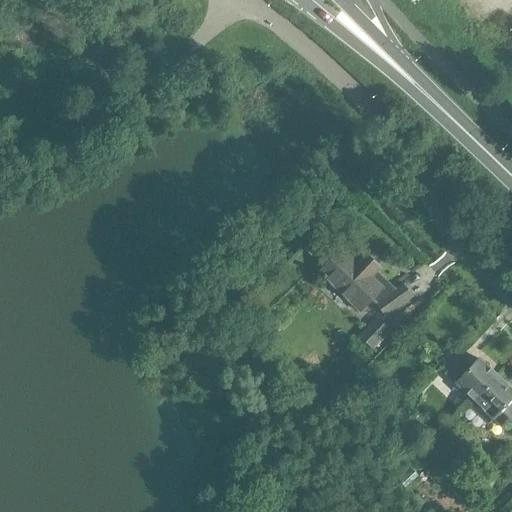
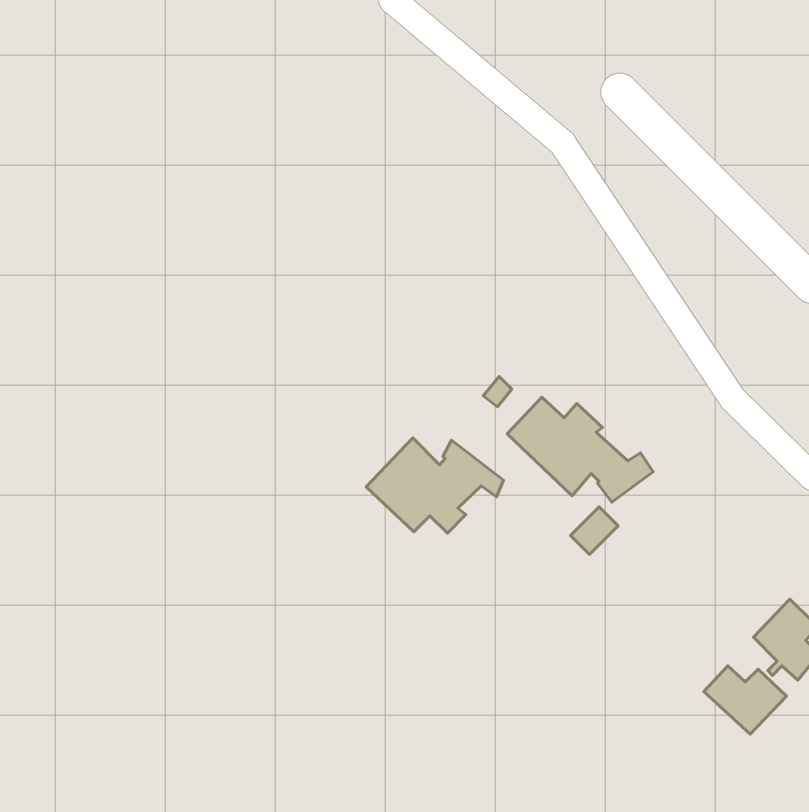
building: none -> [366,438,503,533]
building: [447,358,499,401] -> [704,666,787,734]

